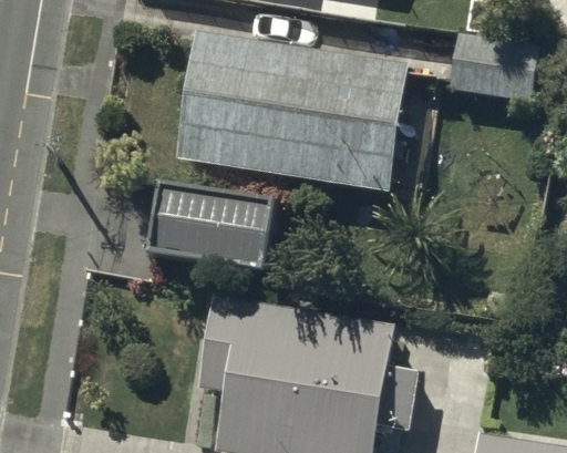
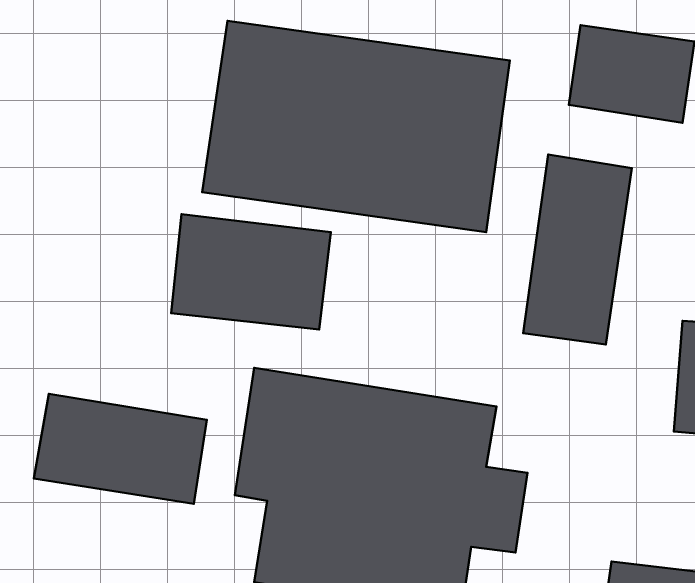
building: none -> [523,155,632,344]
building: none -> [34,394,207,504]

